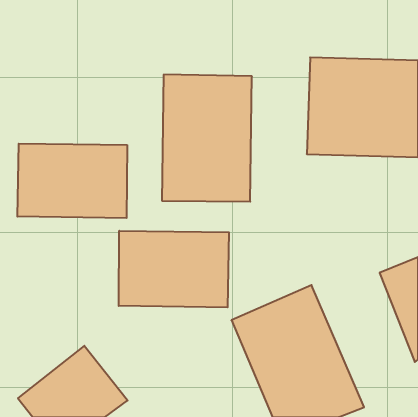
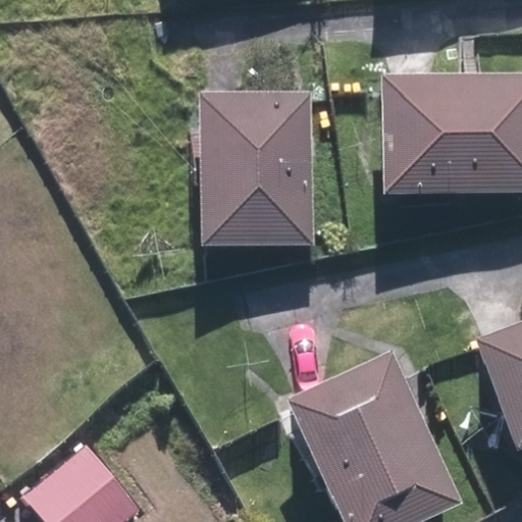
building: [17,144,127,218] -> none
building: [119,231,229,307] -> none

